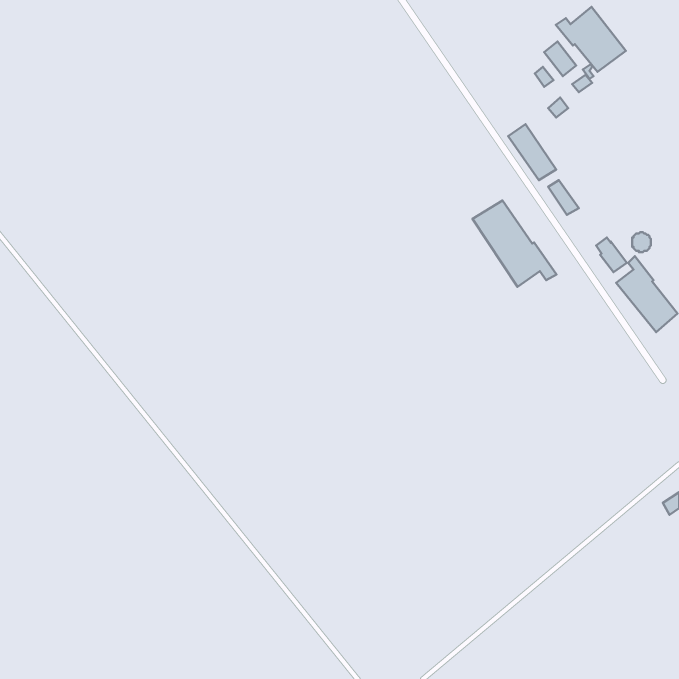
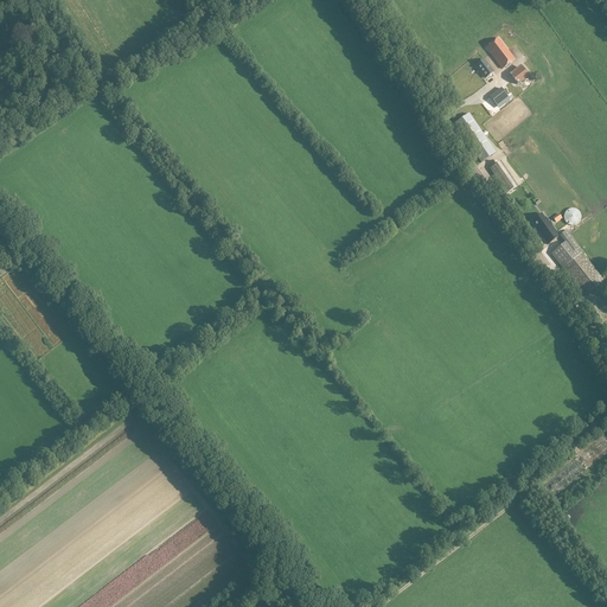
building: [556,7,626,72] -> none
building: [472,200,557,287] -> none

